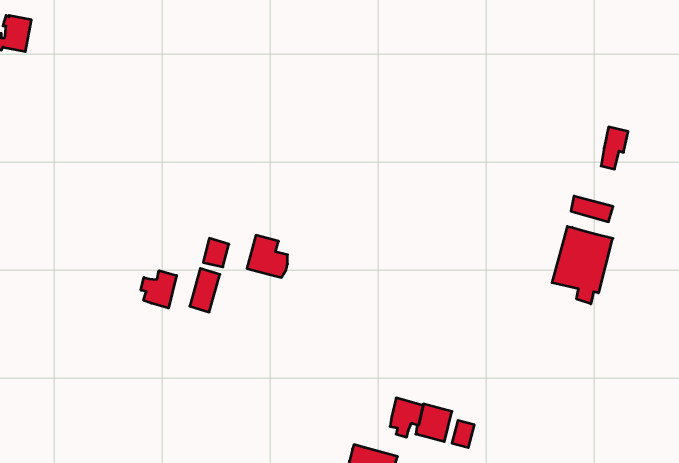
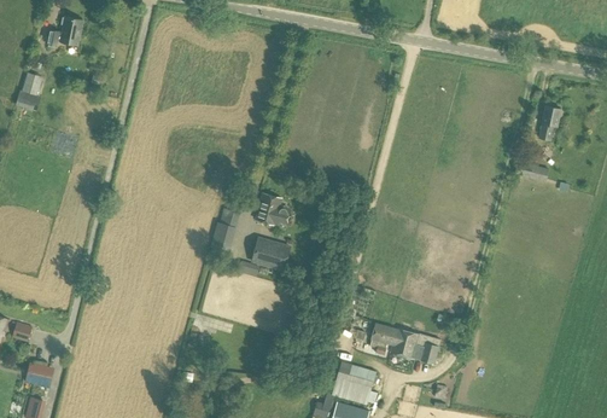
building: [552,226,613,304] -> none
building: [141,271,177,308] -> none
building: none -> [251,237,290,271]

